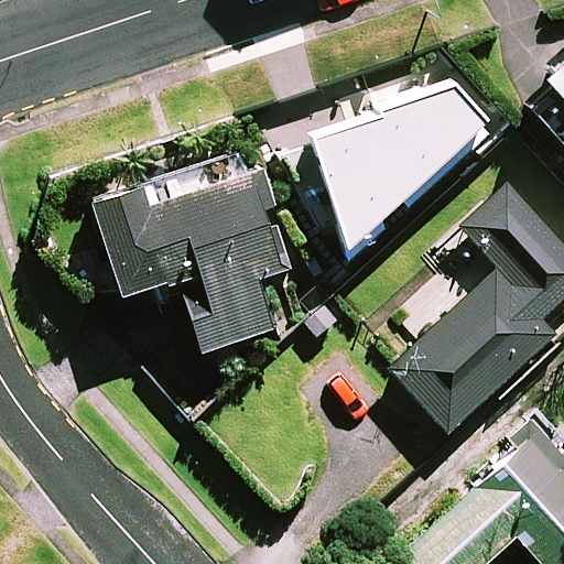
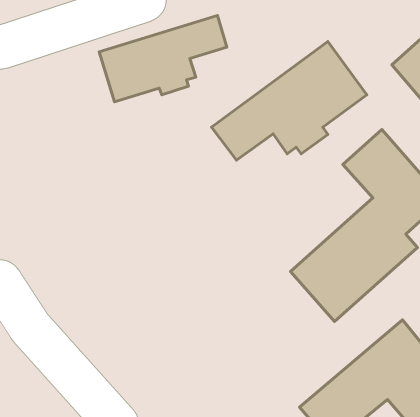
building: none -> [99,16,227,102]
building: [93,152,284,354] -> none

